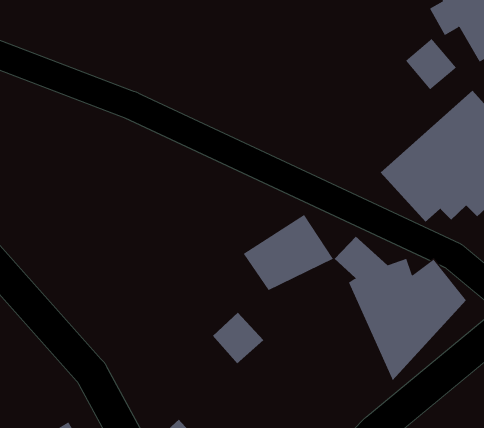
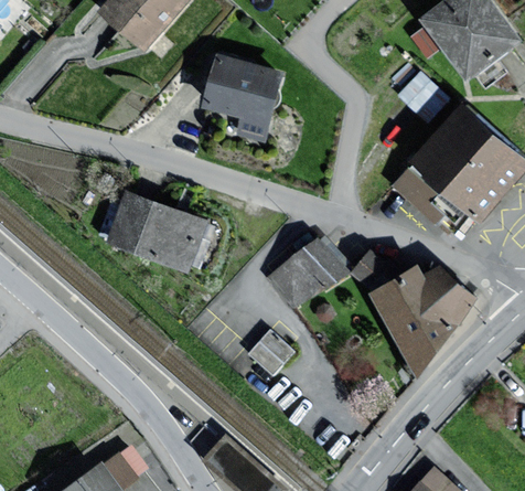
building: none -> [202,55,285,127]
building: none -> [105,190,208,273]

